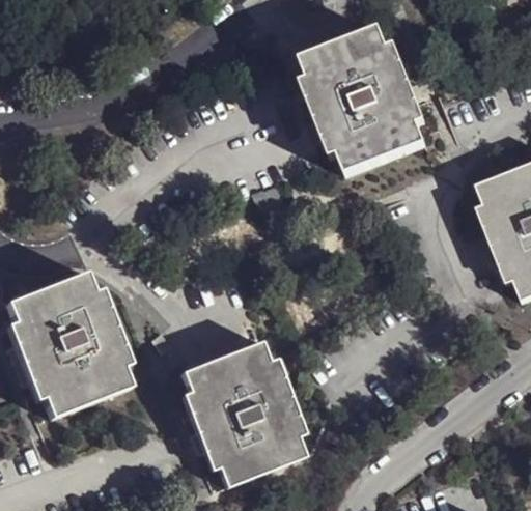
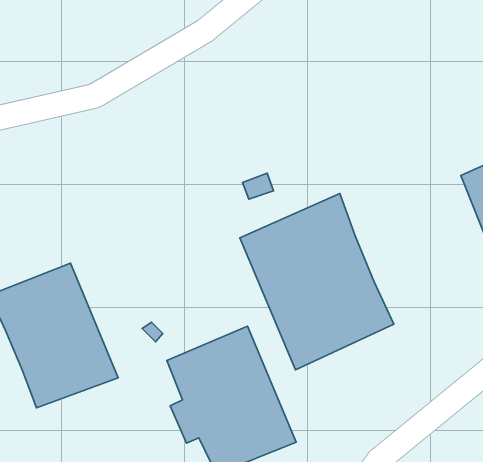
building: [299,28,424,177] -> none
building: none -> [240,194,394,370]

